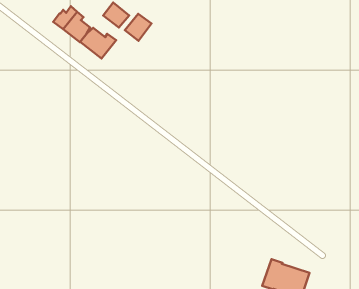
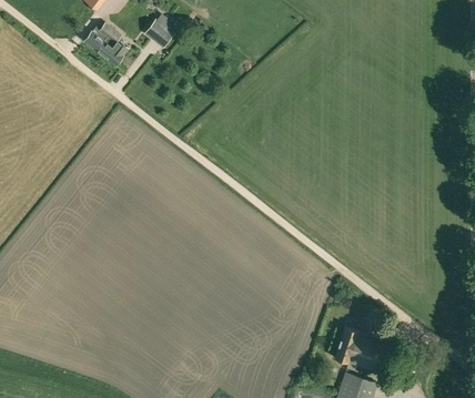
building: [125,14,152,41] -> none
building: [80,28,116,59] -> none

